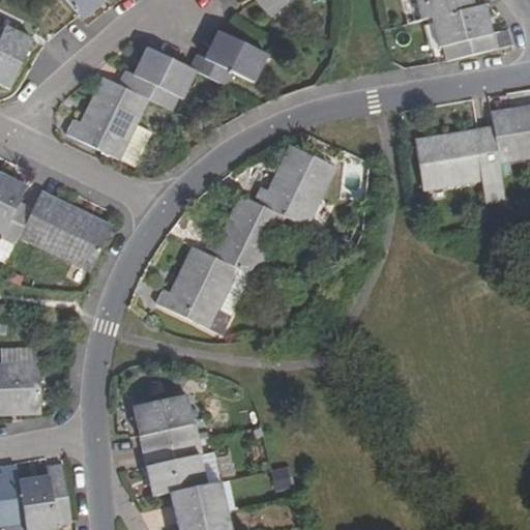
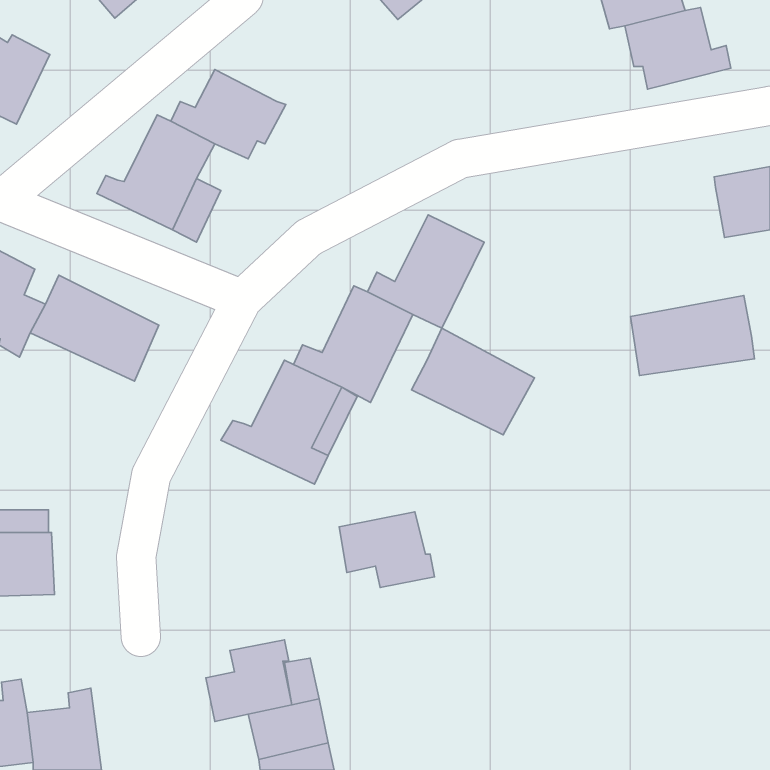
building: [189,29,269,87] -> none
building: [413,135,498,189] -> [630,295,754,376]
building: none -> [412,328,534,435]
building: [129,393,195,445] -> [339,512,435,587]

